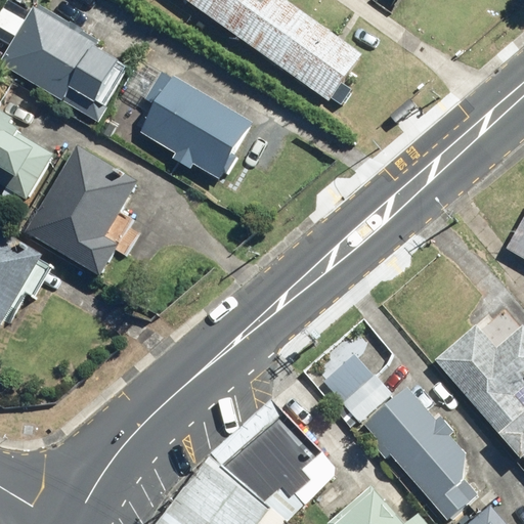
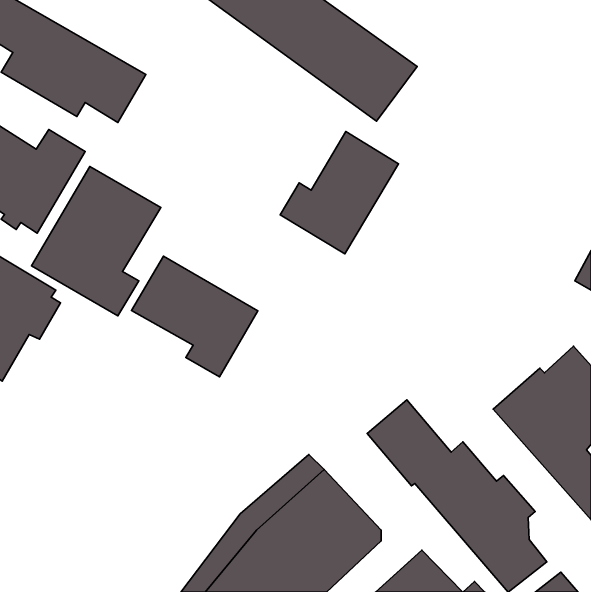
building: [123,58,252,179] -> none
building: none -> [280,131,399,254]
building: none -> [132,256,258,377]

